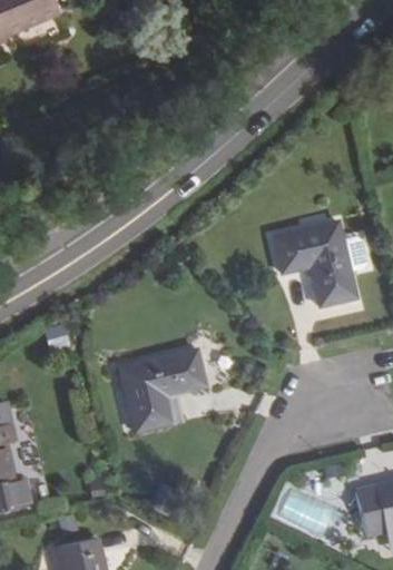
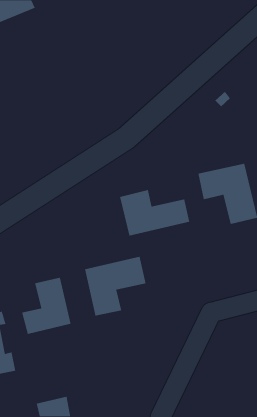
building: none -> [119,189,190,236]
building: none -> [21,277,72,335]

